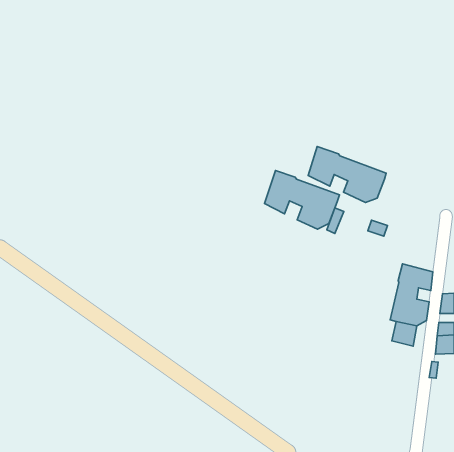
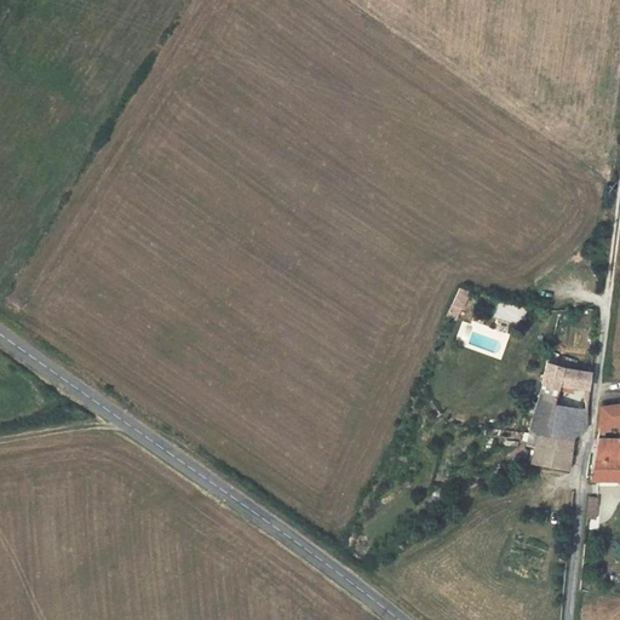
building: [308,146,386,202] -> none
building: [265,171,339,229] -> none

